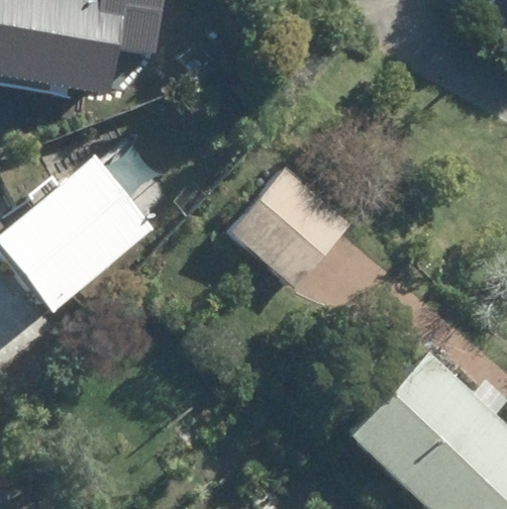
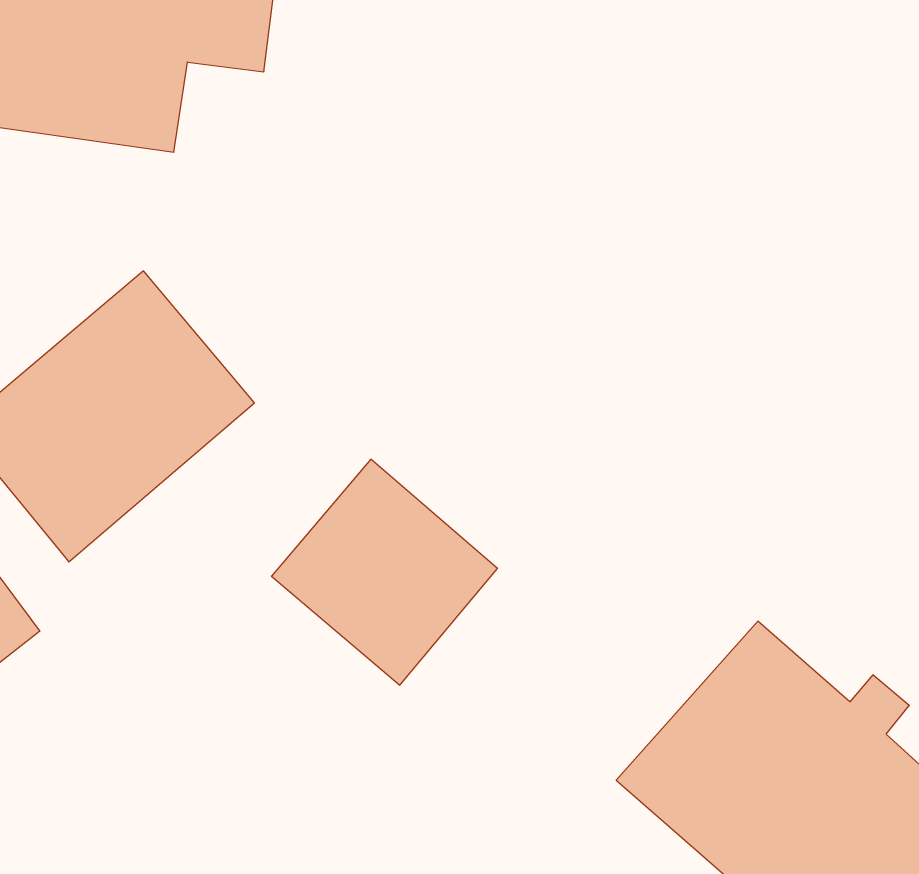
building: [228,169,347,288] -> [271,459,497,685]

